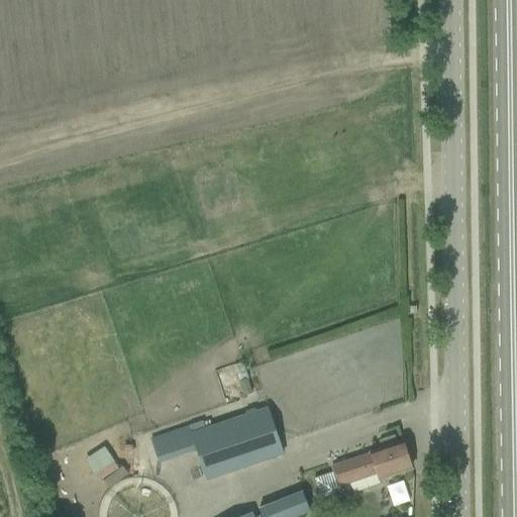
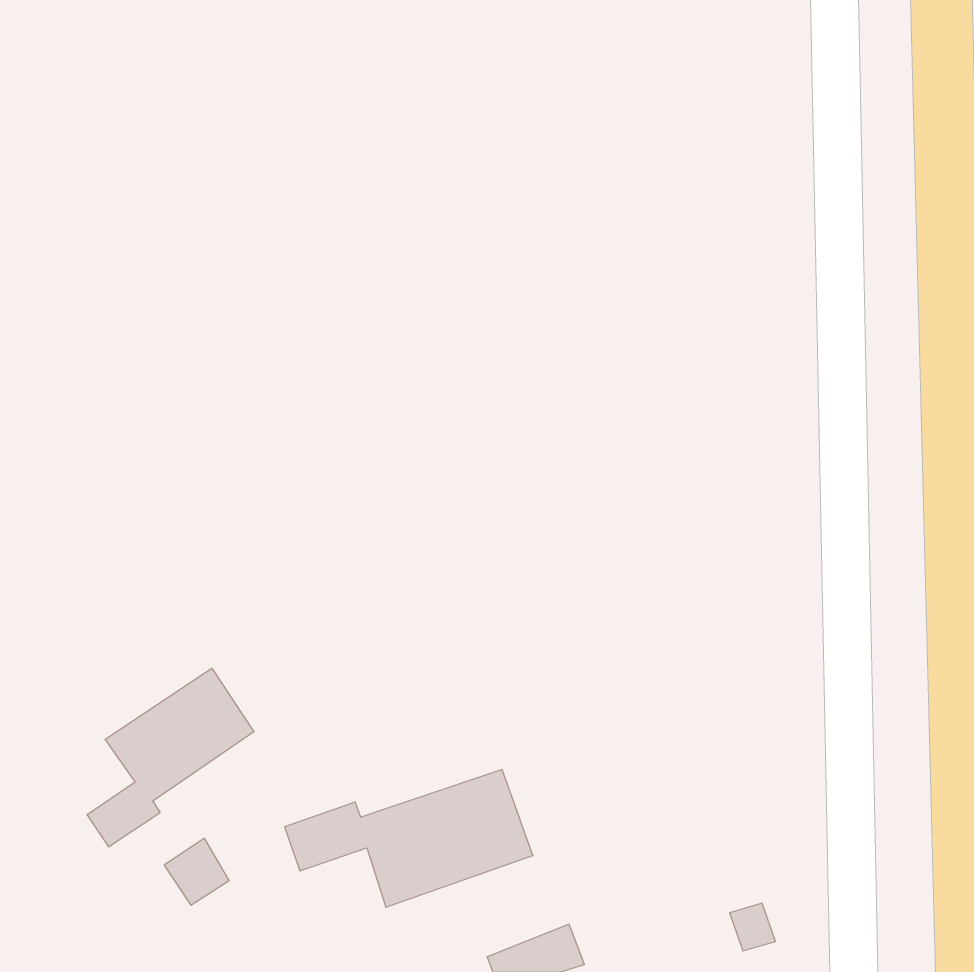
building: none -> [87,668,254,847]
building: [314,440,412,496] -> none

